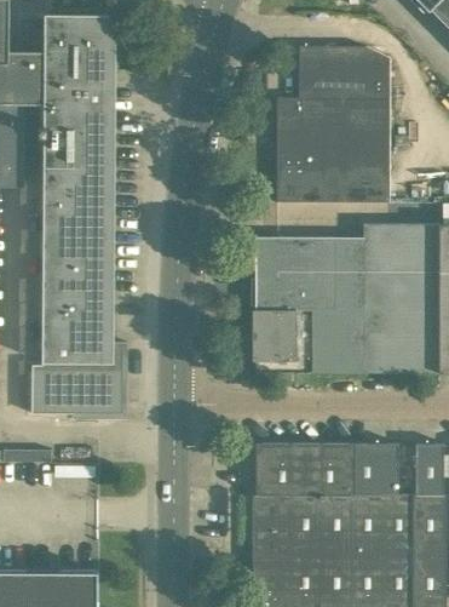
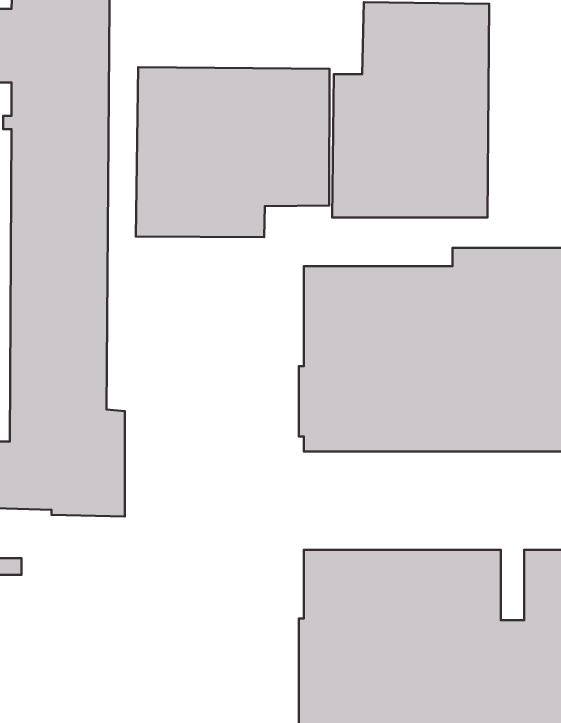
building: none -> [136,67,329,237]

